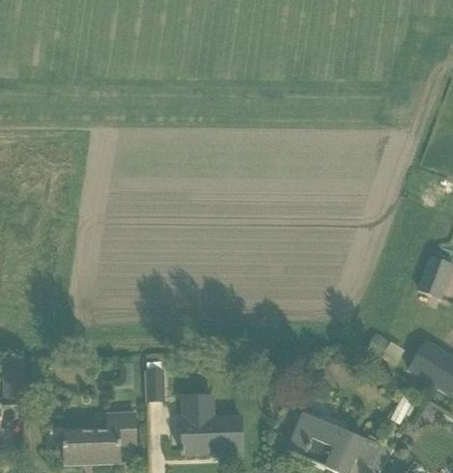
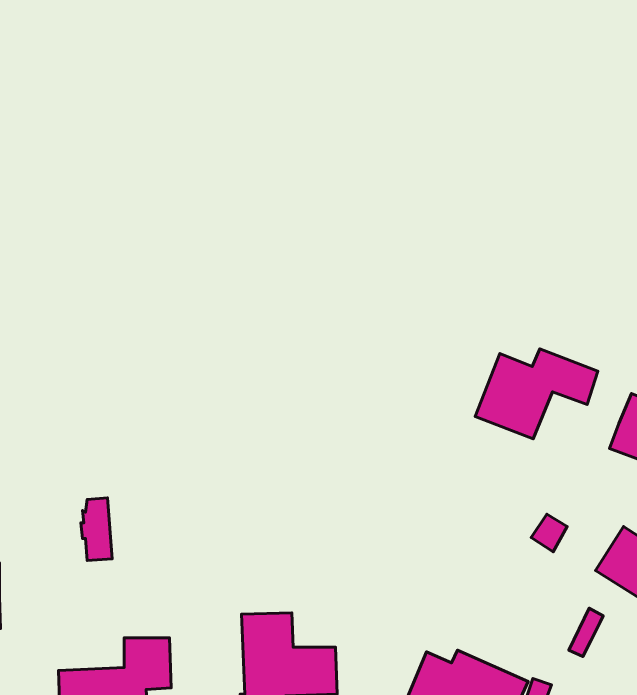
building: none -> [475,349,598,439]
building: [144,361,164,401] -> [81,498,112,561]

